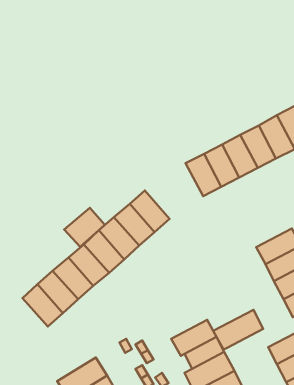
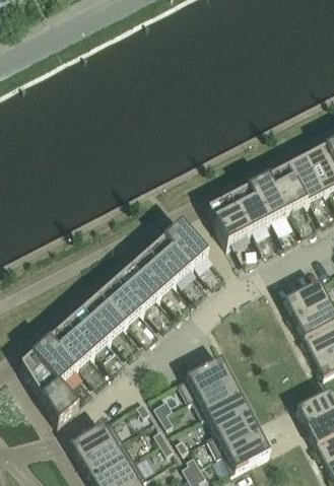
building: none -> [162,220,206,266]
building: [64,208,105,247] -> none
building: none -> [19,351,76,421]
building: [213,310,263,350] -> [176,354,229,397]

